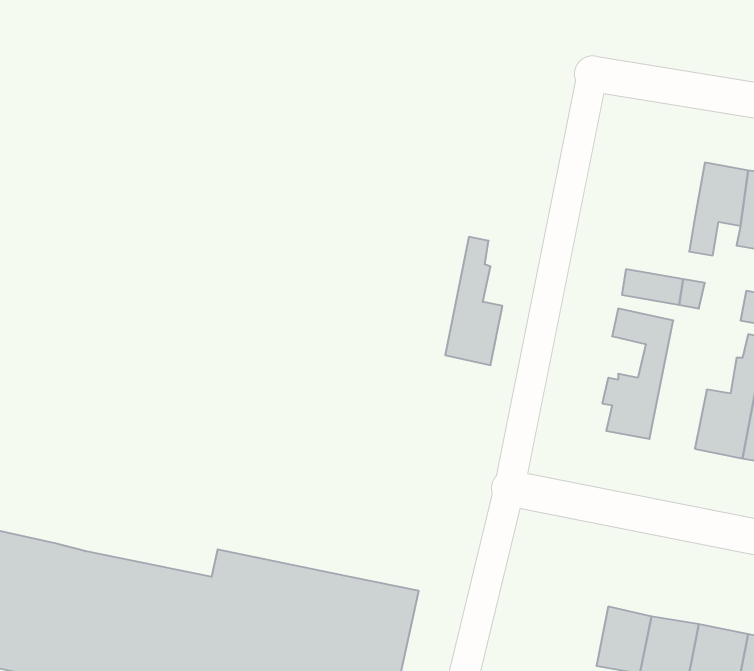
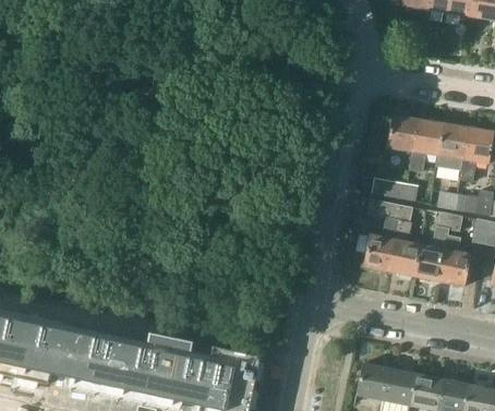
building: none -> [387,113,418,148]
building: [445,237,502,365] -> [387,205,419,276]

